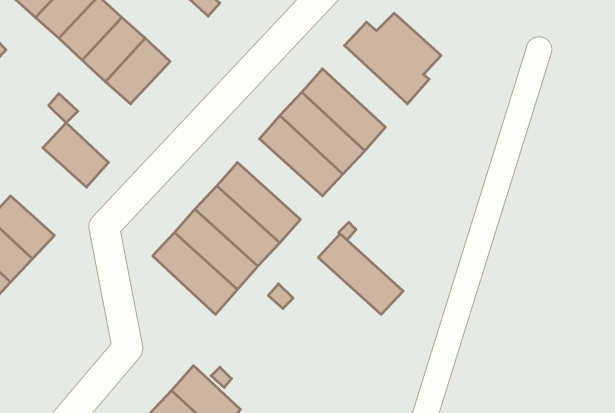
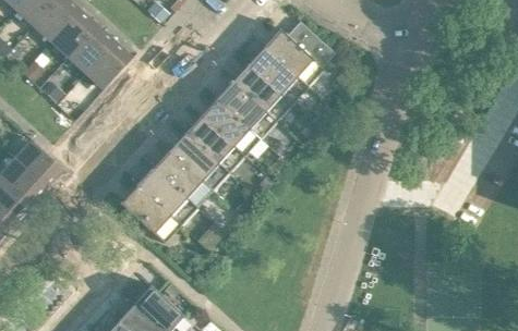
building: none -> [245,46,309,107]
building: [43,123,109,187] -> [13,139,62,187]
building: [318,234,403,314] -> [182,115,245,175]

